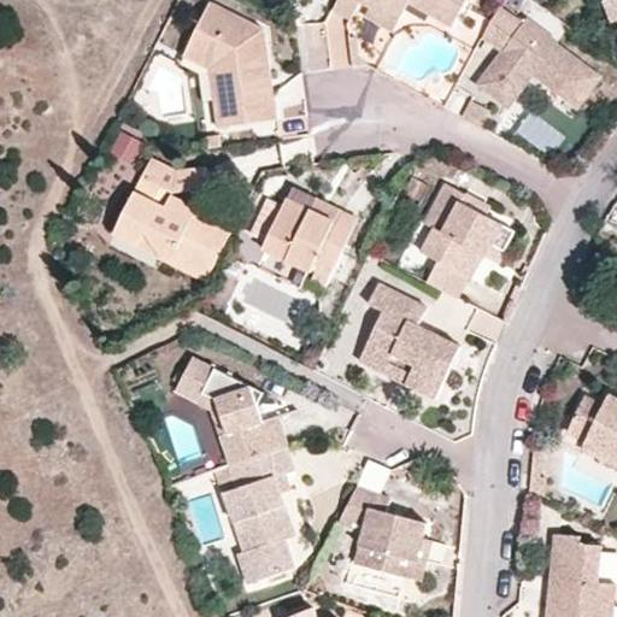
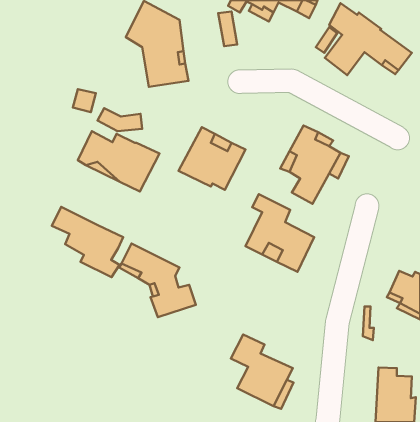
building: none -> [52,207,123,277]
building: [222,445,295,582] -> none

